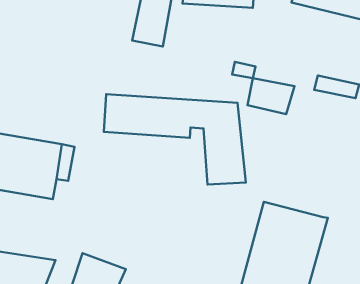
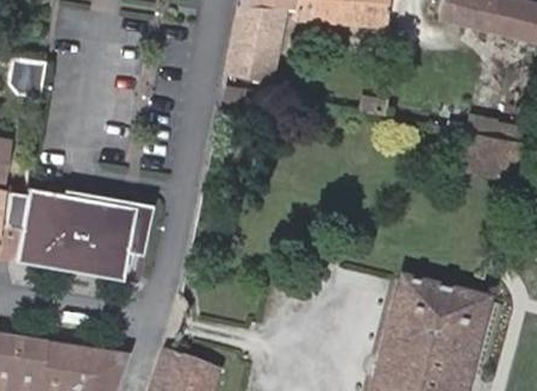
building: [247,78,294,114] -> [461,132,523,180]
building: [104,94,246,184] -> none

